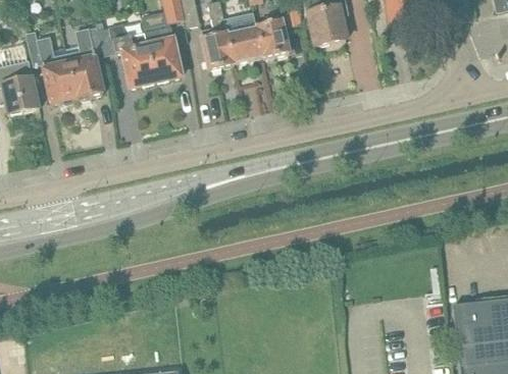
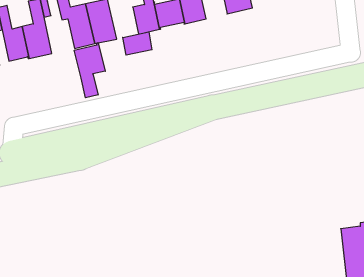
building: none -> [123,32,152,55]
building: none -> [74,43,105,98]

